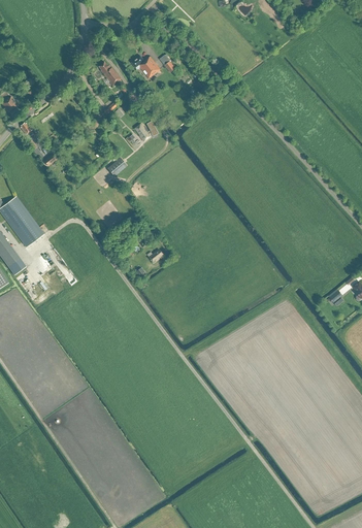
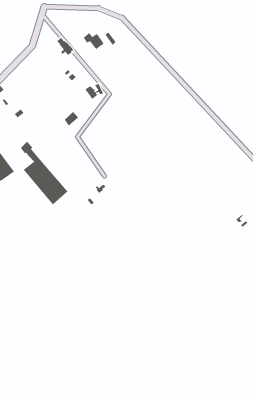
building: none -> [20,141,68,205]

